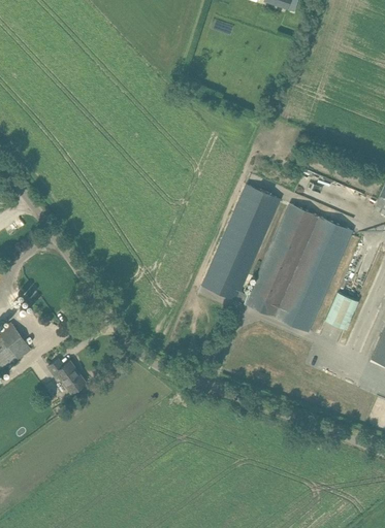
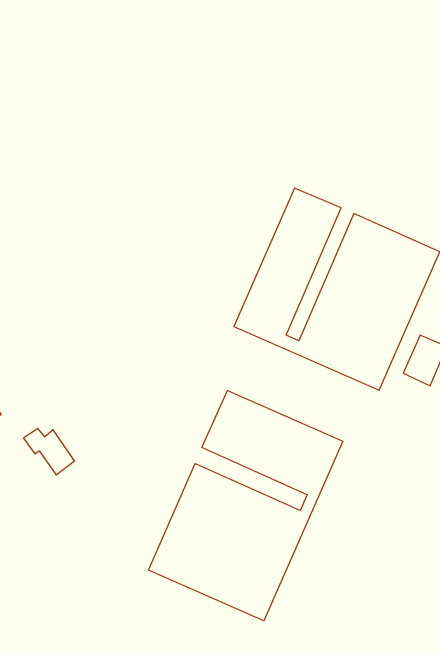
building: none -> [149,391,343,621]

